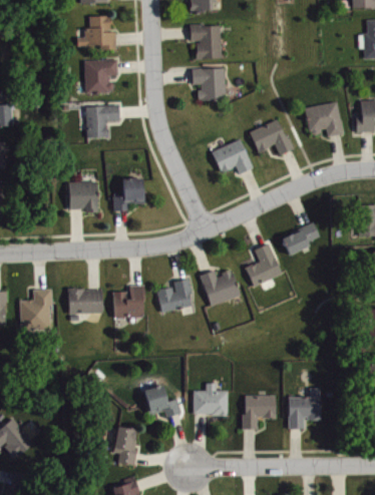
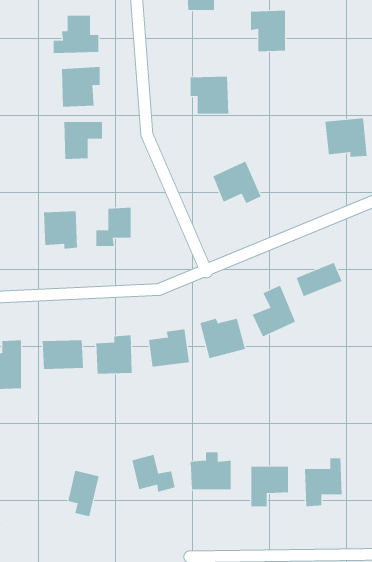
building: [191,24,221,59] -> [250,10,286,52]
building: [250,119,291,154] -> none
building: [112,426,139,465] -> [67,470,100,517]

